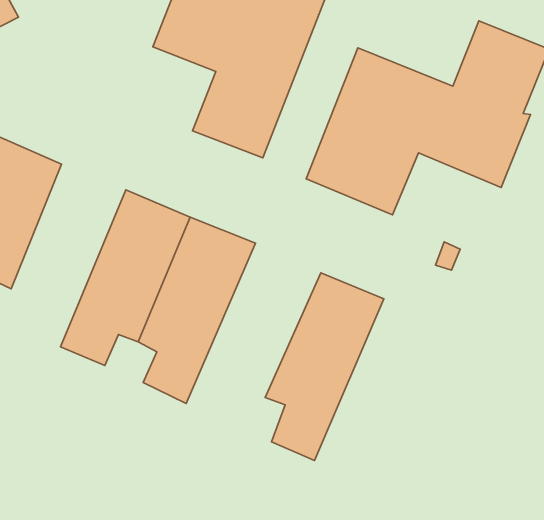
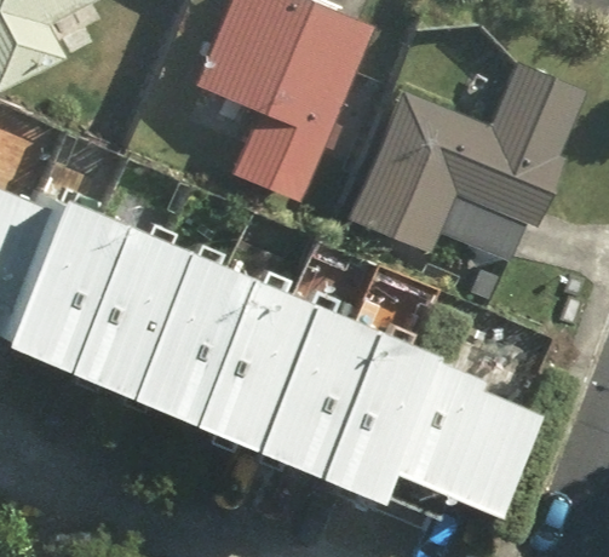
building: none -> [56,200,168,379]
building: none -> [228,277,360,455]
building: none -> [354,332,533,521]

